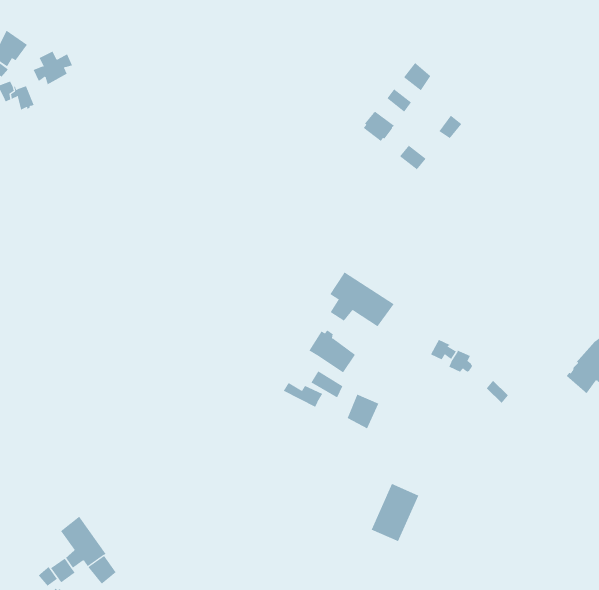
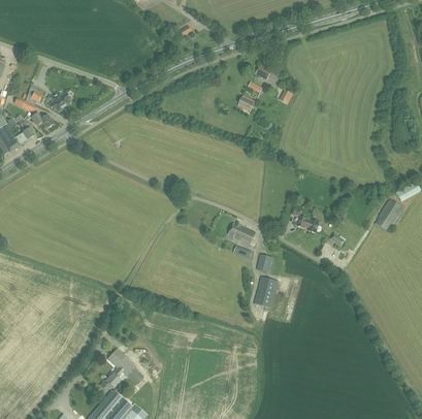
building: [330,271,395,327] -> none
building: [371,483,419,542] -> [253,276,277,308]

